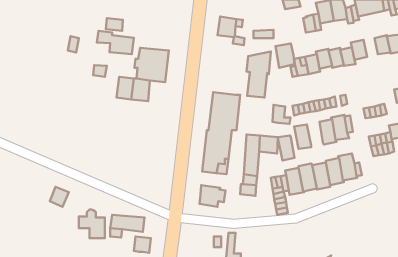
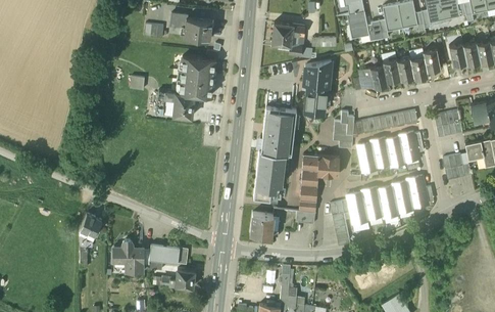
building: [97,31,134,54] -> [170,12,212,39]
building: [276,44,294,68] -> [348,10,369,38]
building: [278,135,294,161] -> [373,139,391,168]

